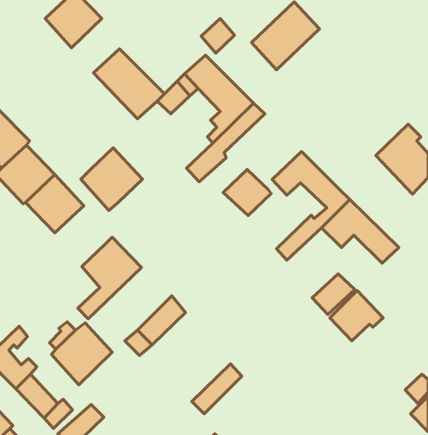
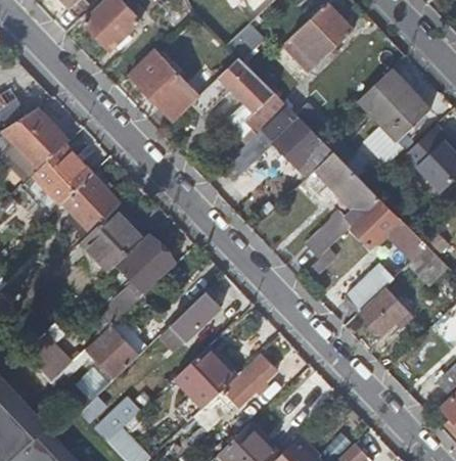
building: none -> [358,71,429,143]
building: [81,148,142,211] -> [80,212,140,273]
building: [223,170,271,216] -> [275,120,322,165]
building: none -> [407,246,448,286]
building: none -> [173,343,239,409]

